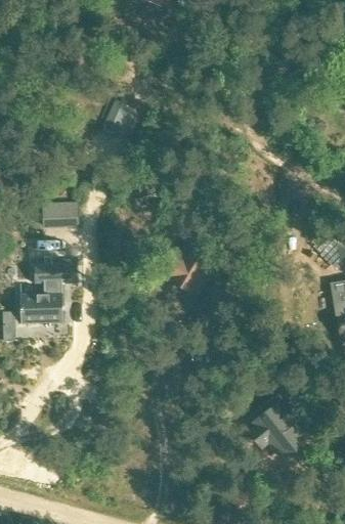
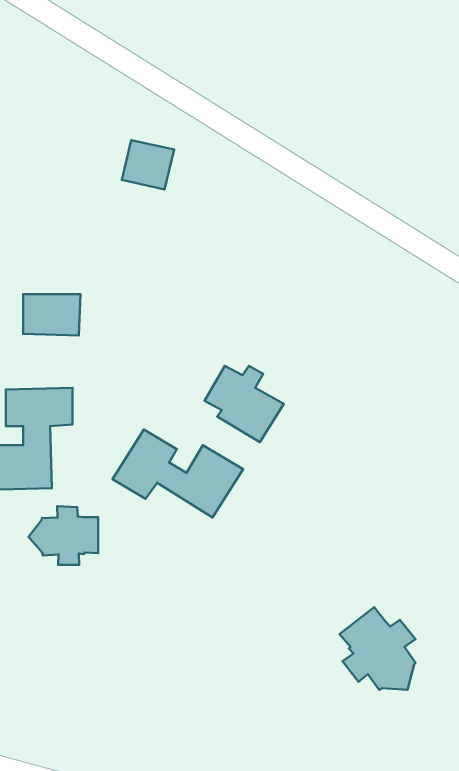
building: none -> [112,430,243,517]
building: none -> [28,506,98,565]

